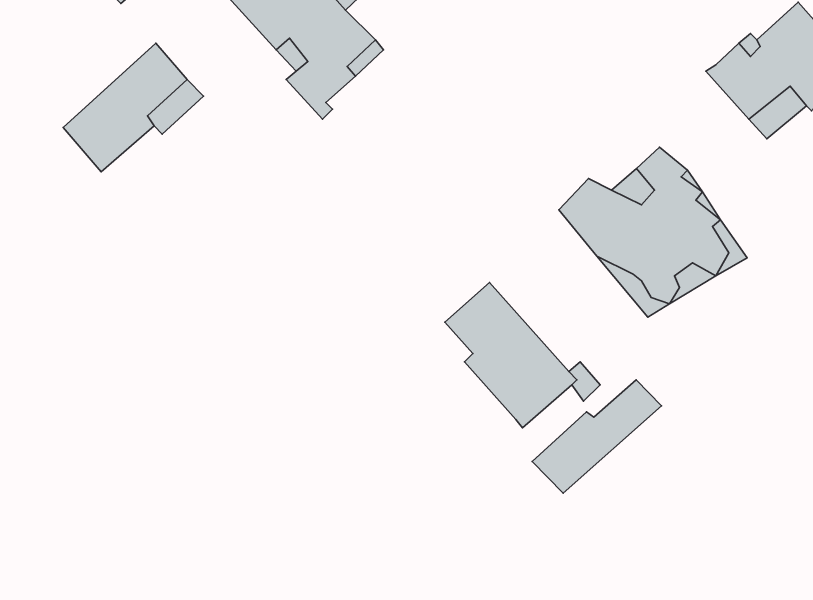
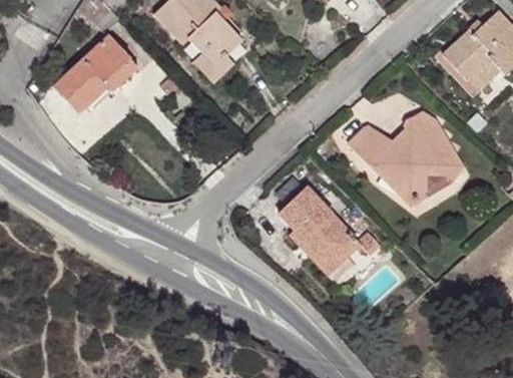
building: [532,380,661,493] -> none

